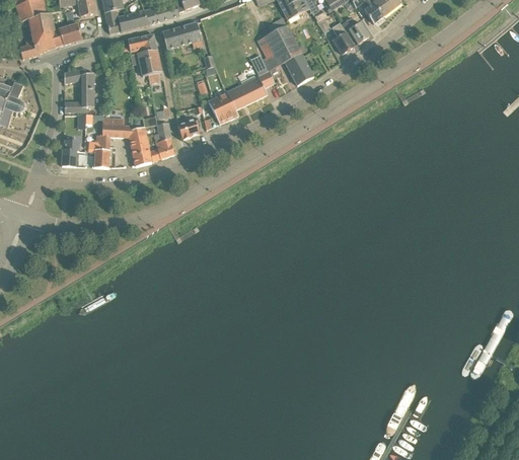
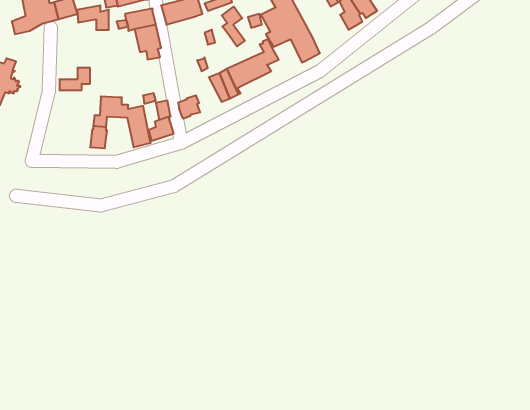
building: none -> [222,7,245,46]
building: [63,67,93,90] -> [77,5,109,30]
building: [61,140,79,166] -> none

